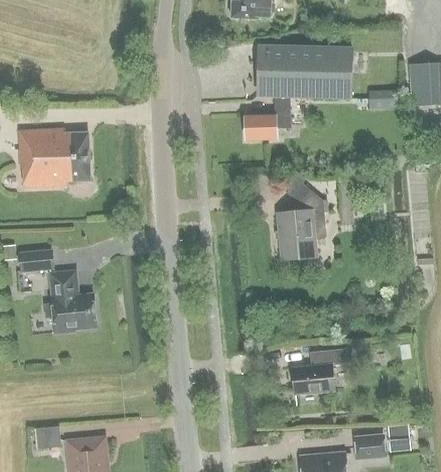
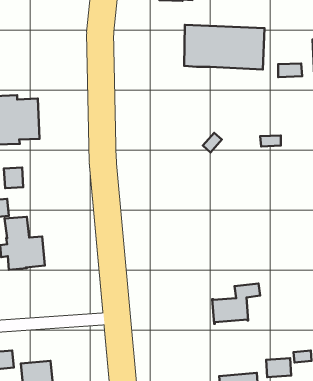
building: [244,95,290,139] -> none
building: [278,188,325,256] -> none
building: none -> [4,168,23,188]

